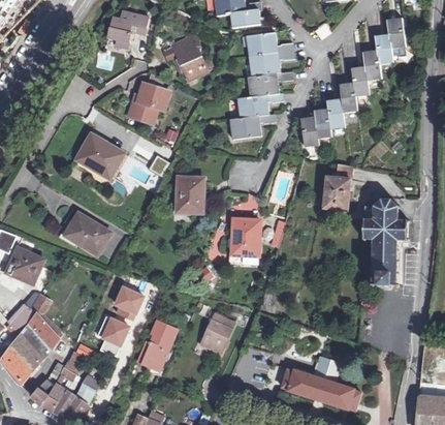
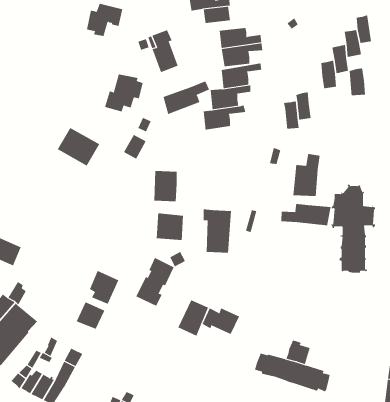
building: [337,84,354,113] -> [349,68,366,96]
building: none -> [163,81,210,115]
building: [298,118,316,147] -> none
building: [66,213,113,254] -> none
building: none -> [281,203,331,226]
building: none -> [156,212,183,241]
building: [136,320,177,370] -> [135,257,175,306]
building: none -> [202,307,240,335]

